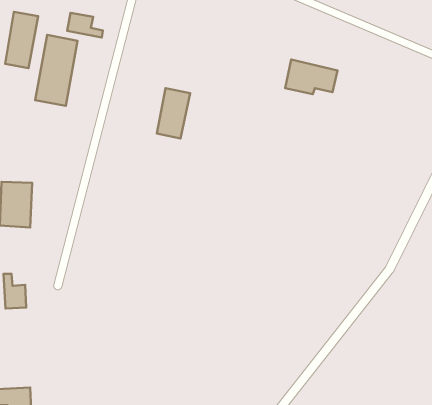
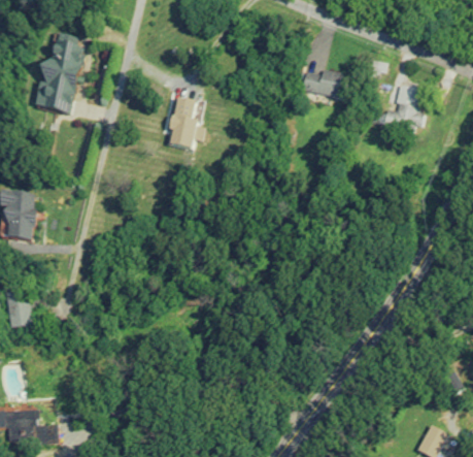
building: [5,12,38,68] -> none
building: [67,13,103,37] -> none
building: none -> [372,81,423,129]

